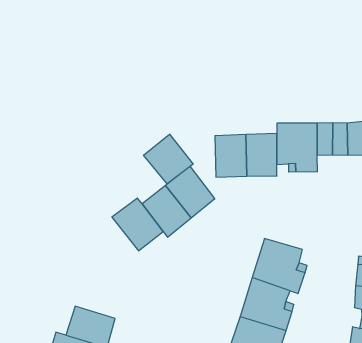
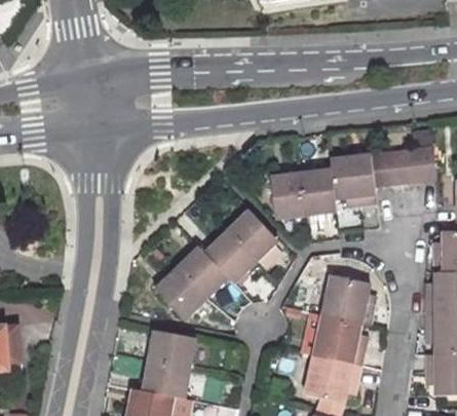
building: [144,134,193,184] -> none
building: none -> [154,268,205,320]
building: none -> [148,331,195,369]

